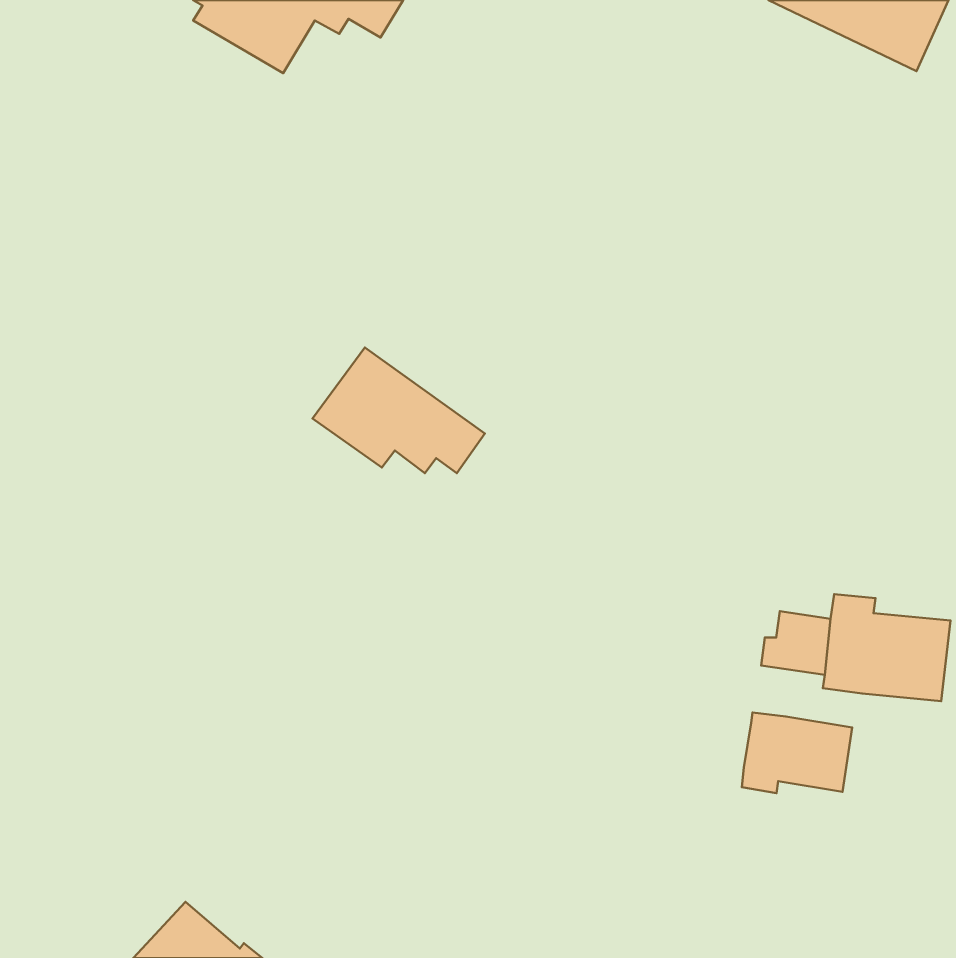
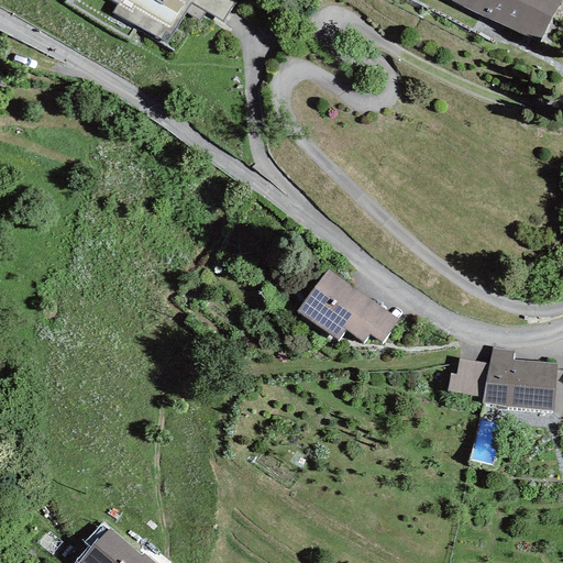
building: [312,347,485,473] -> [298,269,399,343]
building: [742,712,852,793] -> none

